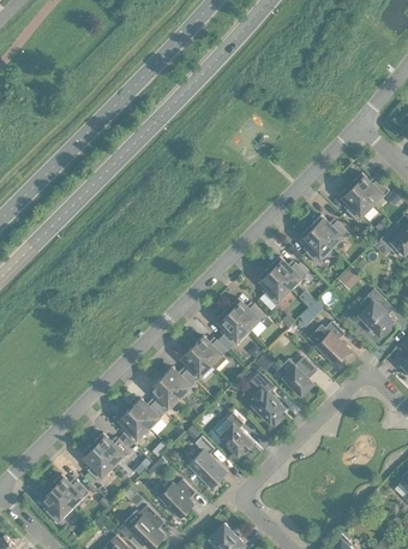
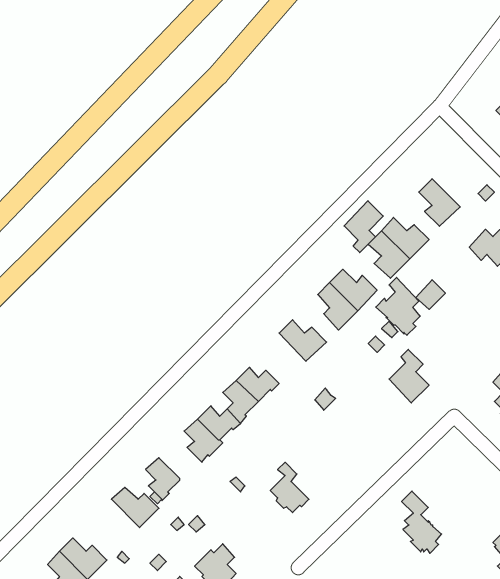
building: [352,173,390,207] -> none
building: none -> [344,201,383,253]
building: [358,290,394,336] -> [376,277,420,335]
building: [217,309,250,347] -> none
building: [283,359,314,395] -> none
building: [252,372,284,423] -> [402,491,442,553]
building: [131,399,166,430] -> none
building: [188,436,227,488] -> none
building: [82,443,115,482] -> none

